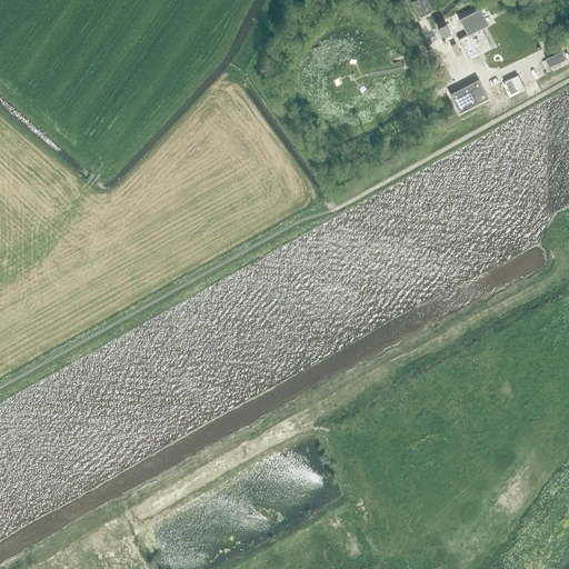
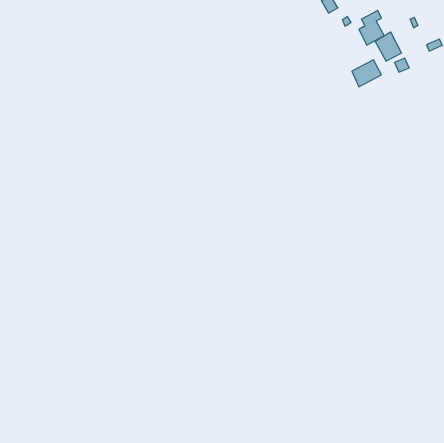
building: none -> [375,32,401,61]

